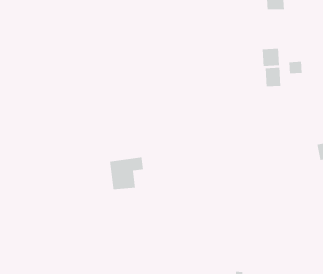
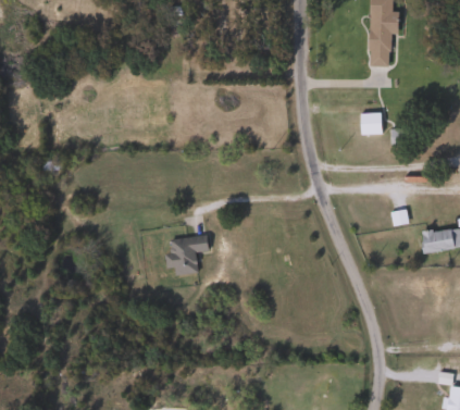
building: [265,67,281,87] -> none

